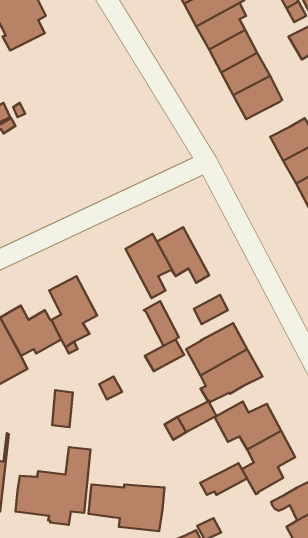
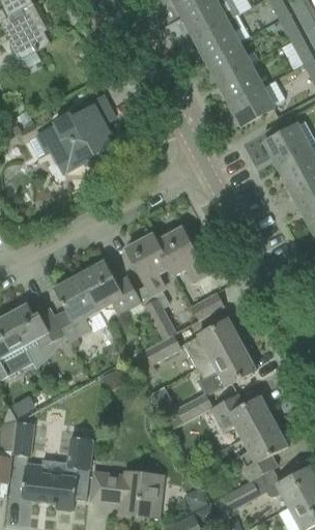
building: none -> [36,94,118,171]
building: none -> [79,260,140,314]
building: [52,390,73,427] -> [13,420,33,455]
building: [200,463,247,495] -> [216,479,260,509]

